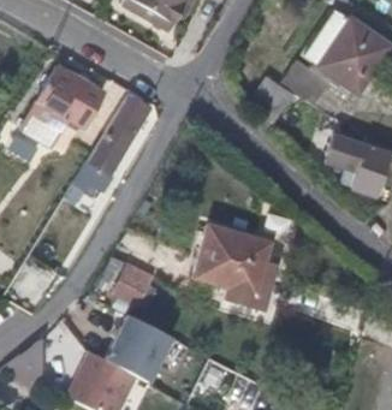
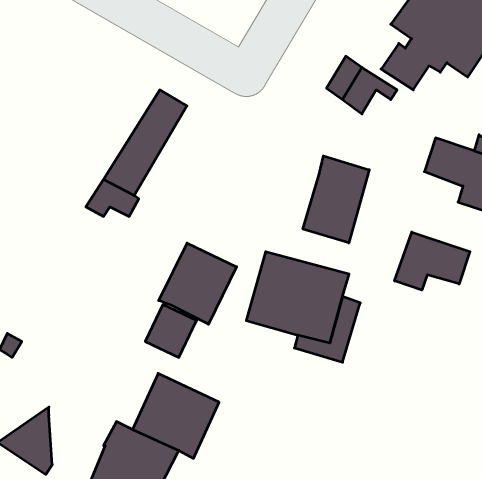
building: [23,70,102,149] -> none
building: none -> [303,156,369,243]
building: none -> [395,232,470,290]
building: none -> [159,243,237,324]

